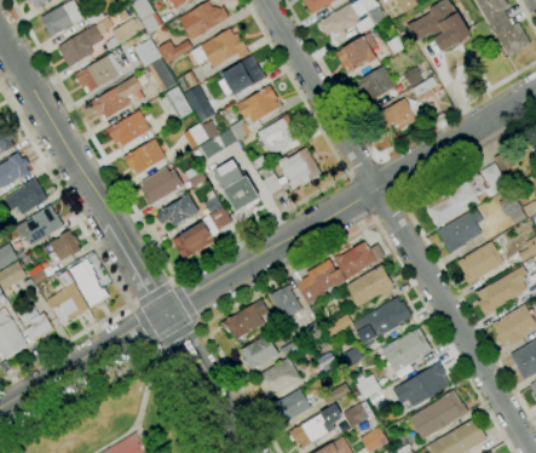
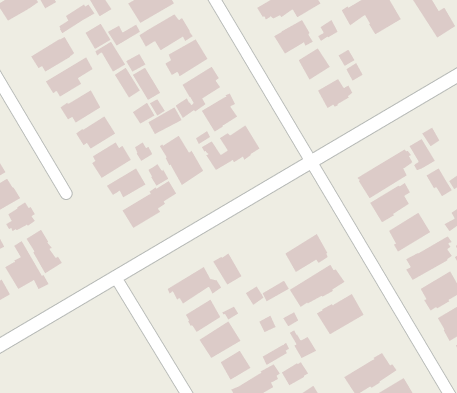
building: [57,25,104,68] -> none
building: [296,242,385,304] -> none
building: [393,362,449,407] -> none

